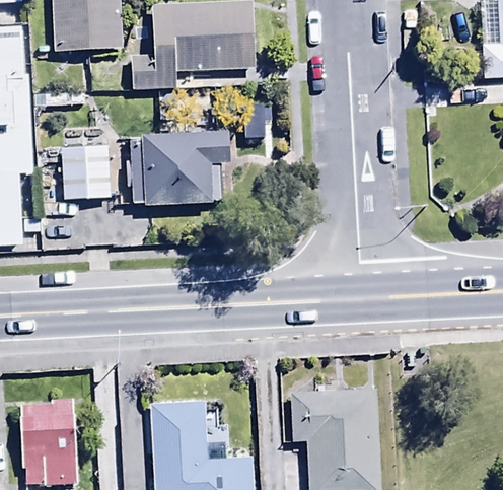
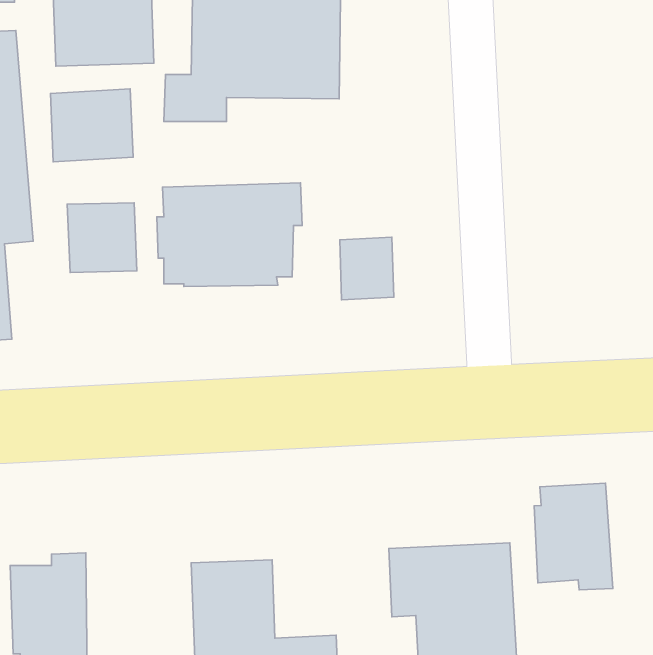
building: none -> [50,89,133,162]
building: none -> [340,237,394,300]
building: none -> [534,483,613,590]

